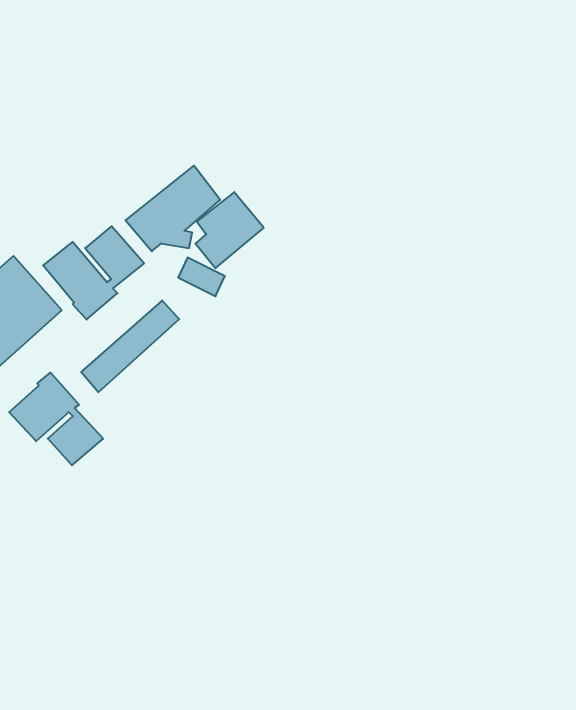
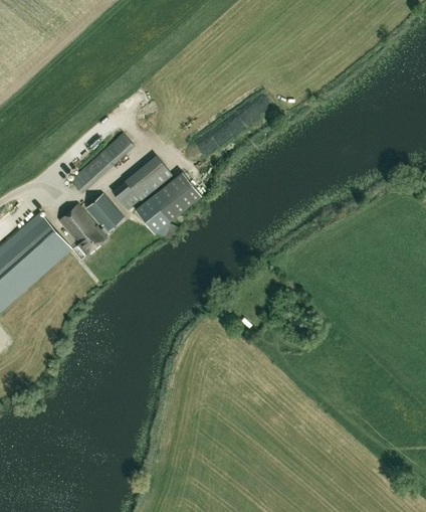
building: [81,300,179,392] -> [70,134,134,193]
building: [9,373,103,465] -> none

